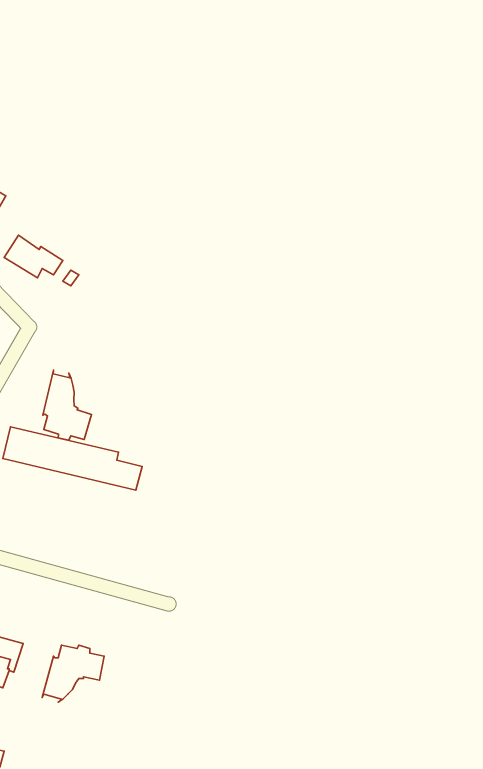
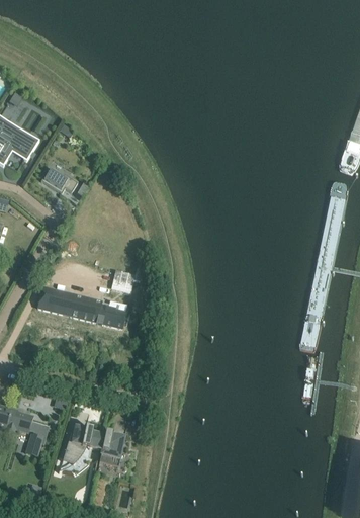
building: [43,370,92,440] -> none
building: none -> [99,431,124,466]

